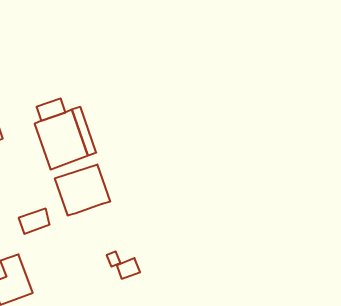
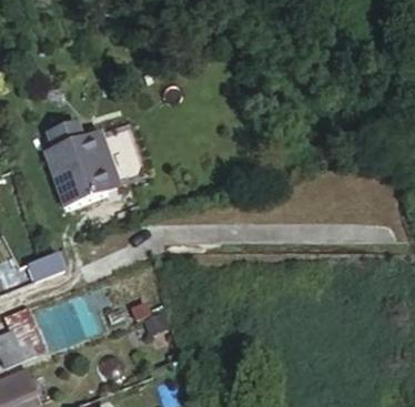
building: [55,164,110,216] -> none

